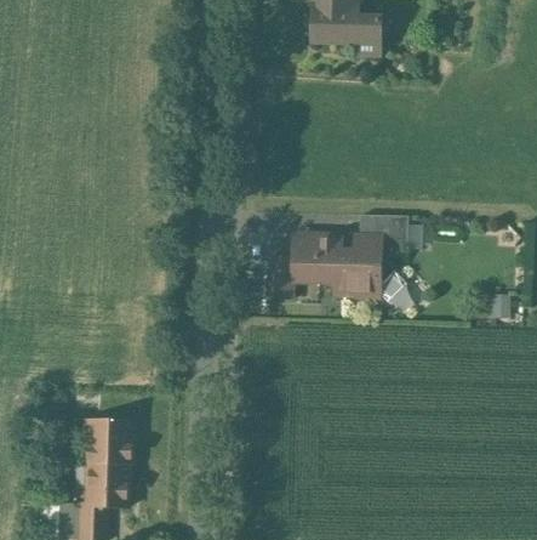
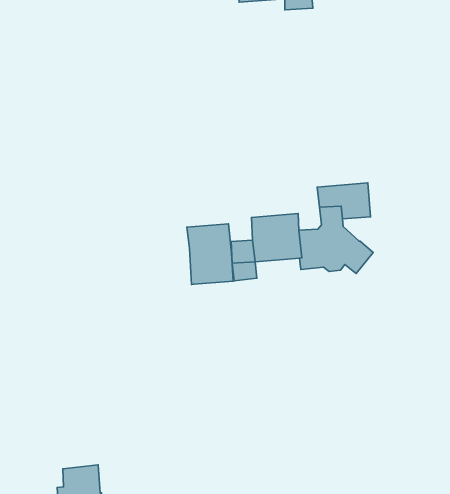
building: none -> [187,224,233,284]
building: [84,415,130,476] -> none

